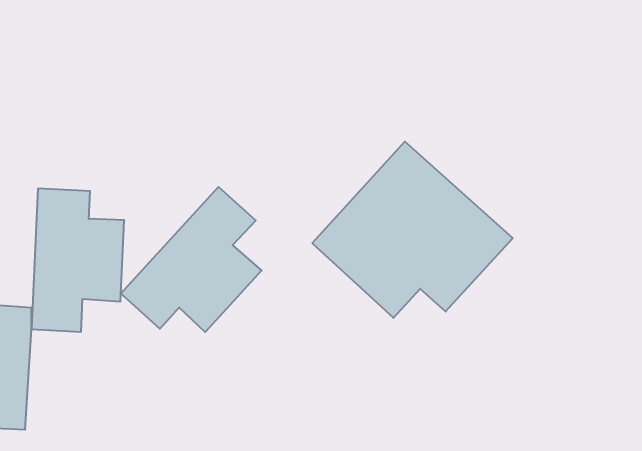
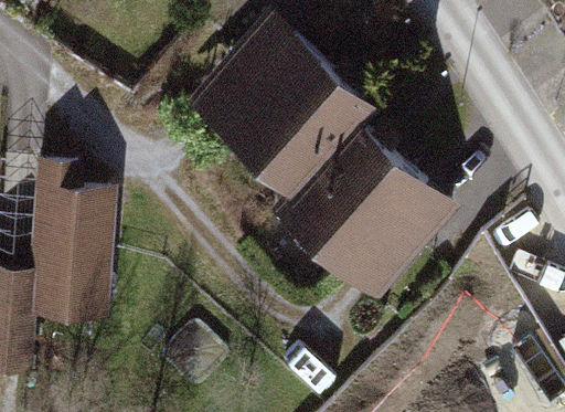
building: none -> [217,25,370,199]
building: [121,187,262,332] -> none

